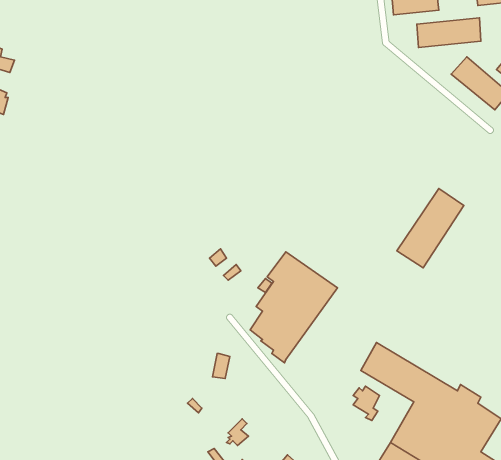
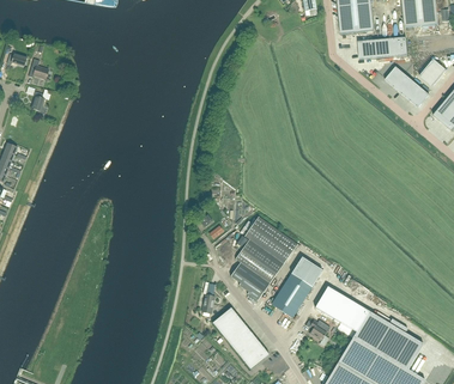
building: [397,188,464,268] -> [271,255,322,316]
building: none -> [212,306,268,368]

